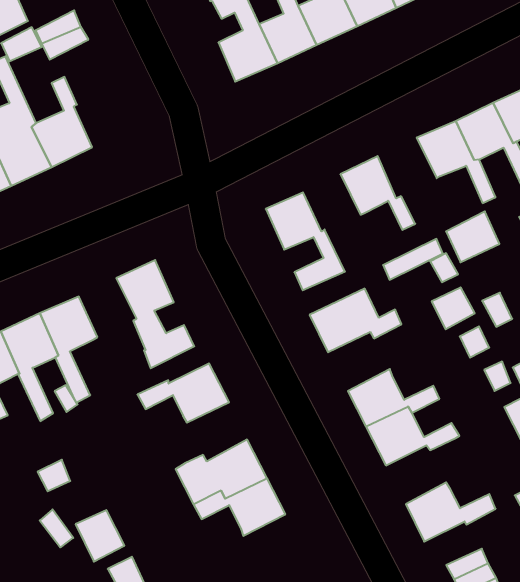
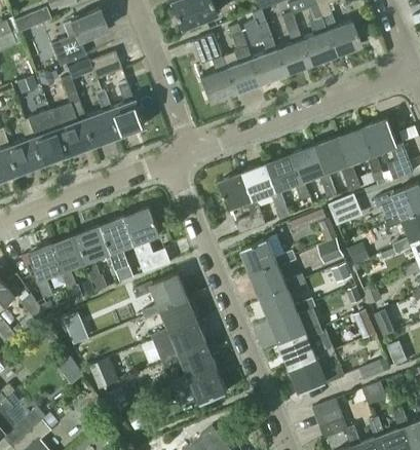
building: none -> [108,84,144,137]
building: none -> [291,147,337,199]
building: none -> [243,165,290,219]
building: none -> [102,218,136,282]
building: none -> [251,263,307,298]
building: none -> [142,299,197,334]
building: none -> [280,332,336,370]
building: none -> [171,370,226,405]

